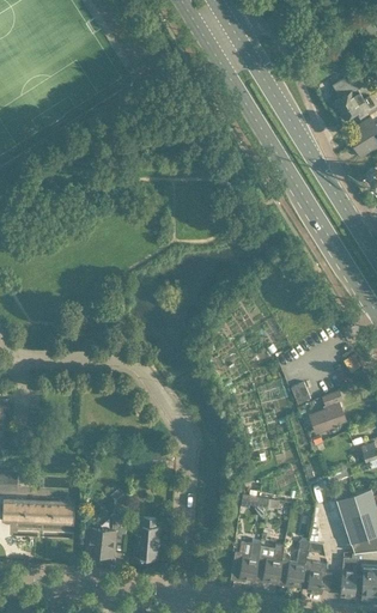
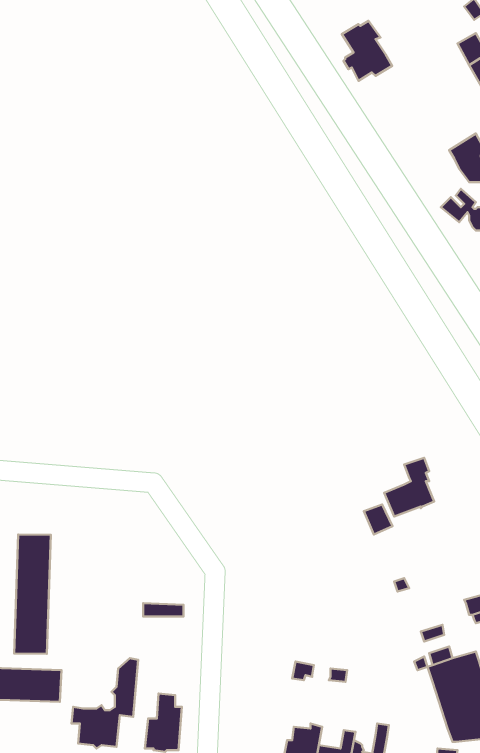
building: [333,78,369,121] -> [342,21,392,81]
building: [310,393,346,435] -> [384,458,434,516]
building: none -> [14,534,51,654]

